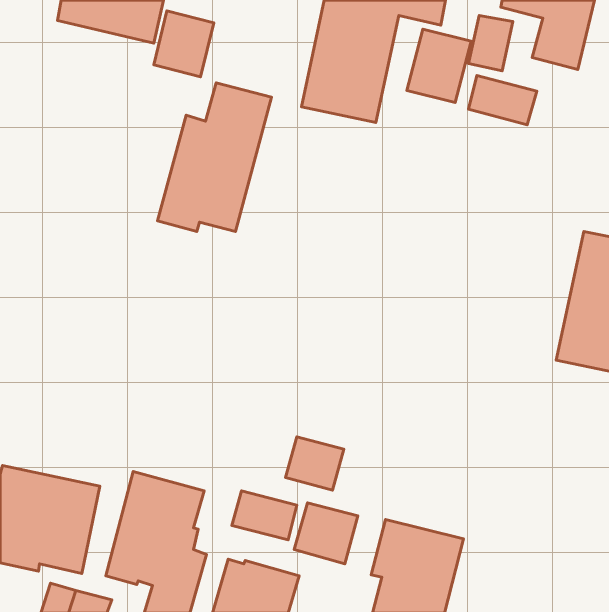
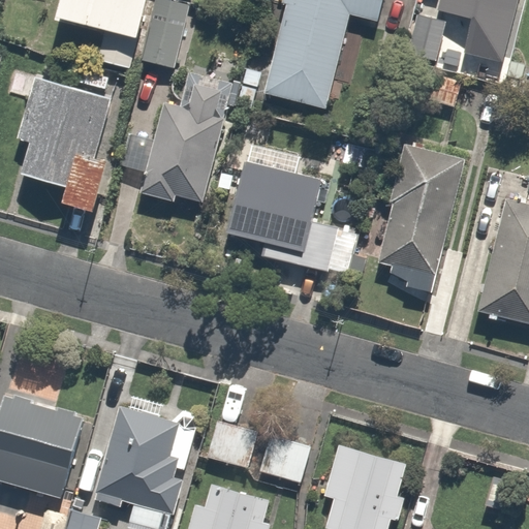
building: [407,29,471,102] -> none
building: none -> [13,75,114,213]
building: none -> [228,143,359,274]
building: none -> [378,145,461,292]
building: [286,437,344,490] -> none

